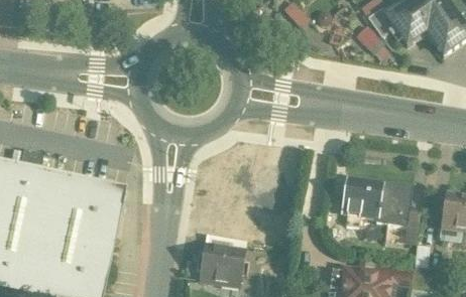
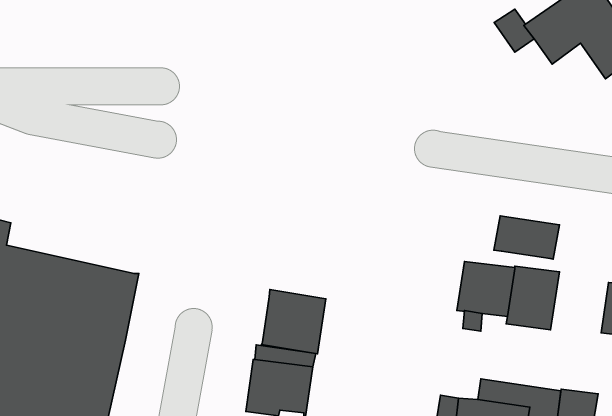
building: none -> [494,216,559,259]
building: none -> [262,290,326,354]

